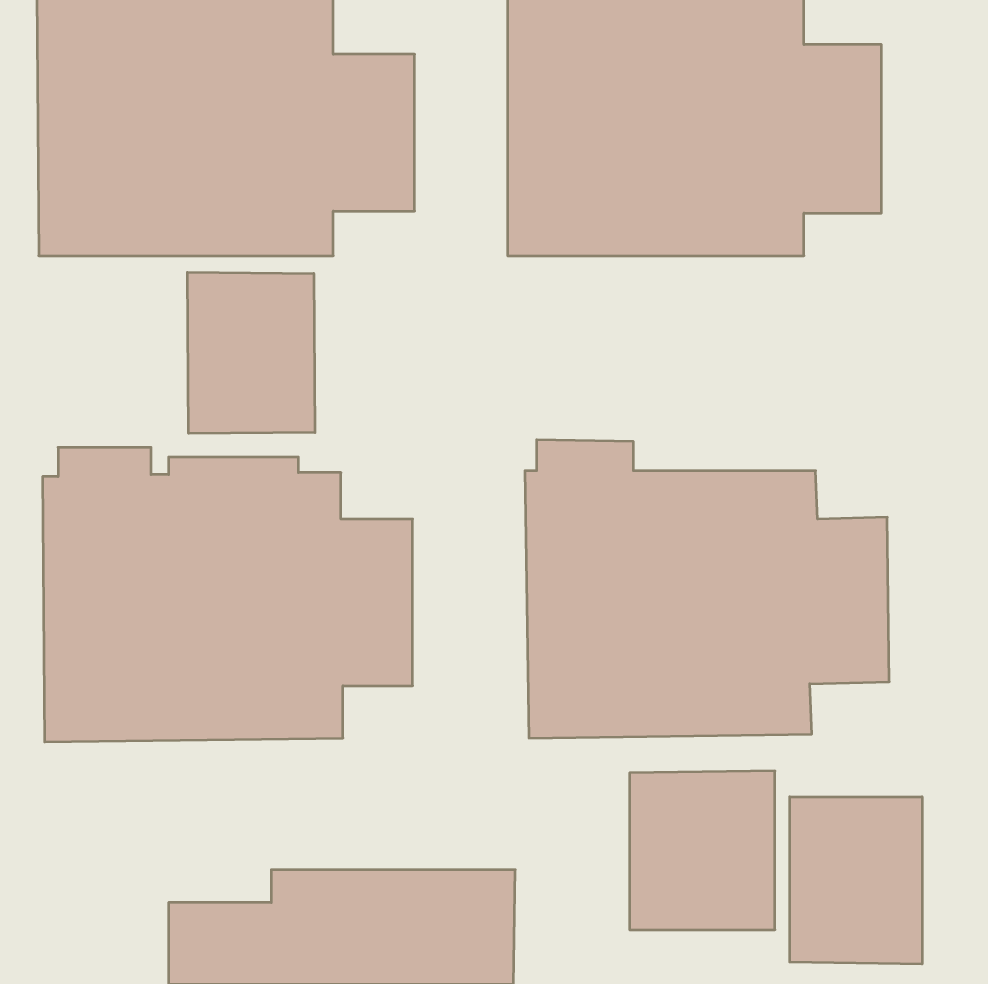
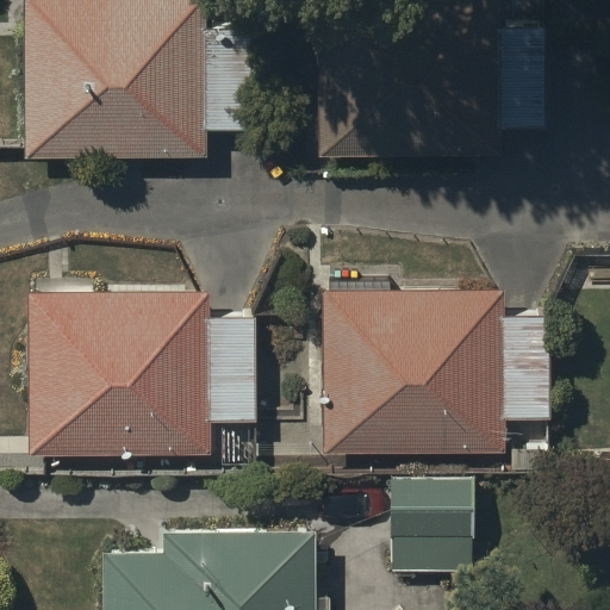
building: [187,272,315,433] -> none
building: [790,797,922,964] -> none

